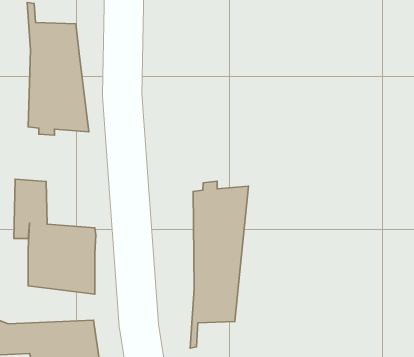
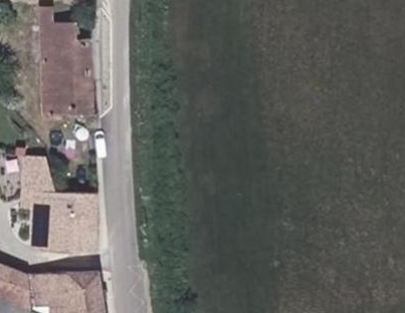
building: [190,181,249,348] -> none

